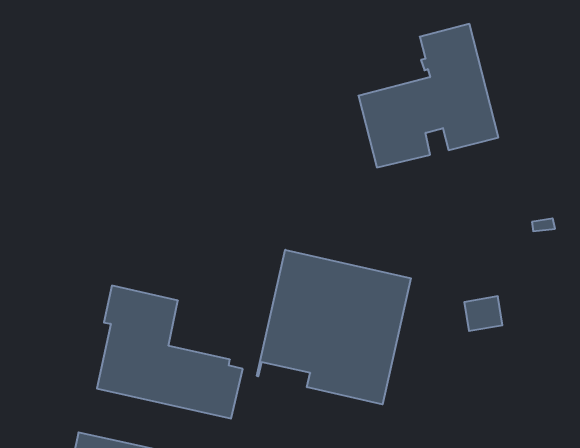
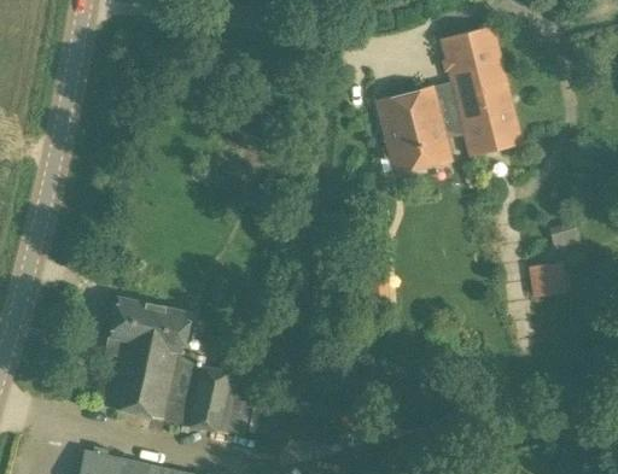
building: [257,250,411,404] -> none
building: [464,296,502,331] -> [529,263,569,299]

